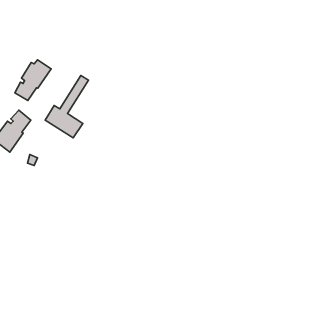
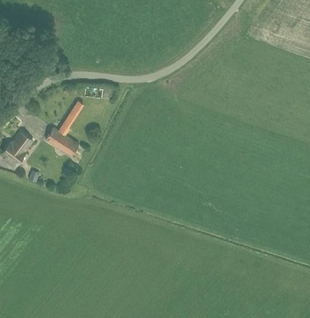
building: [15,60,51,101] -> none

